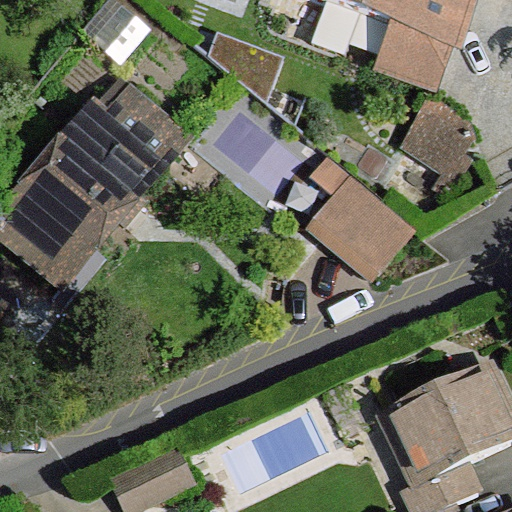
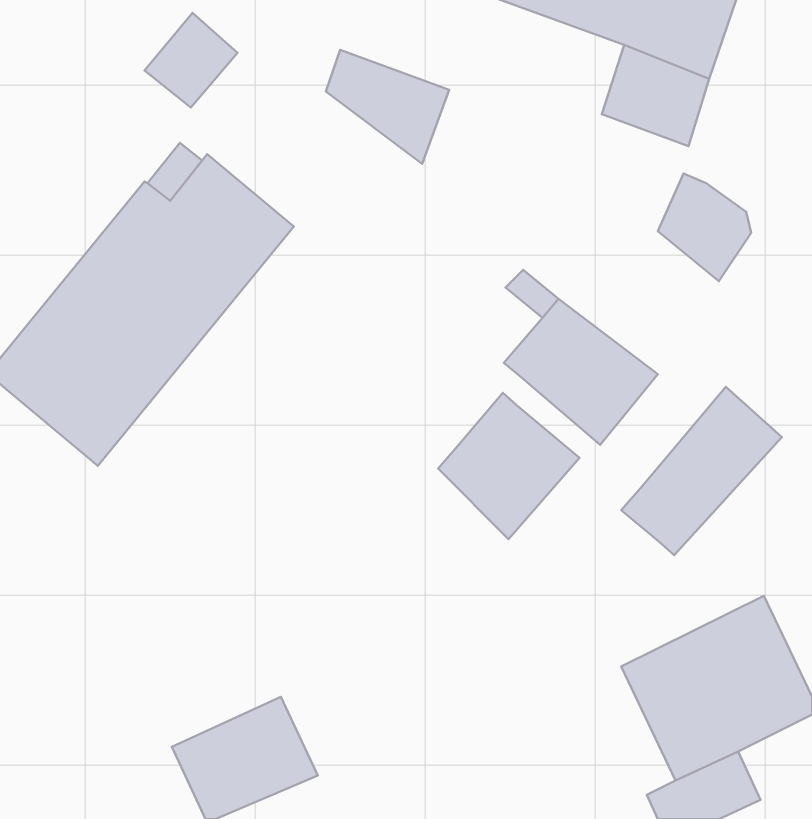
building: none -> [621,387,782,555]
building: none -> [438,393,579,539]

